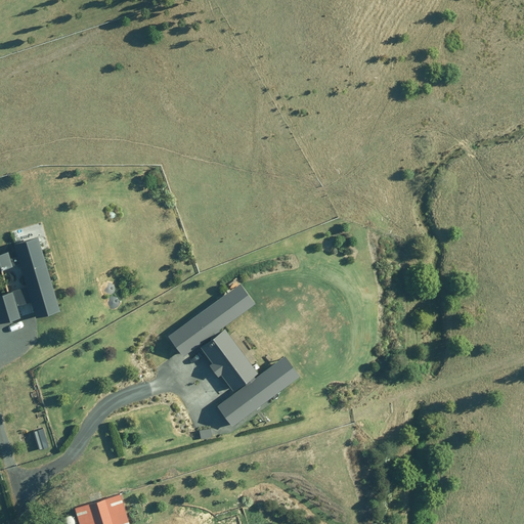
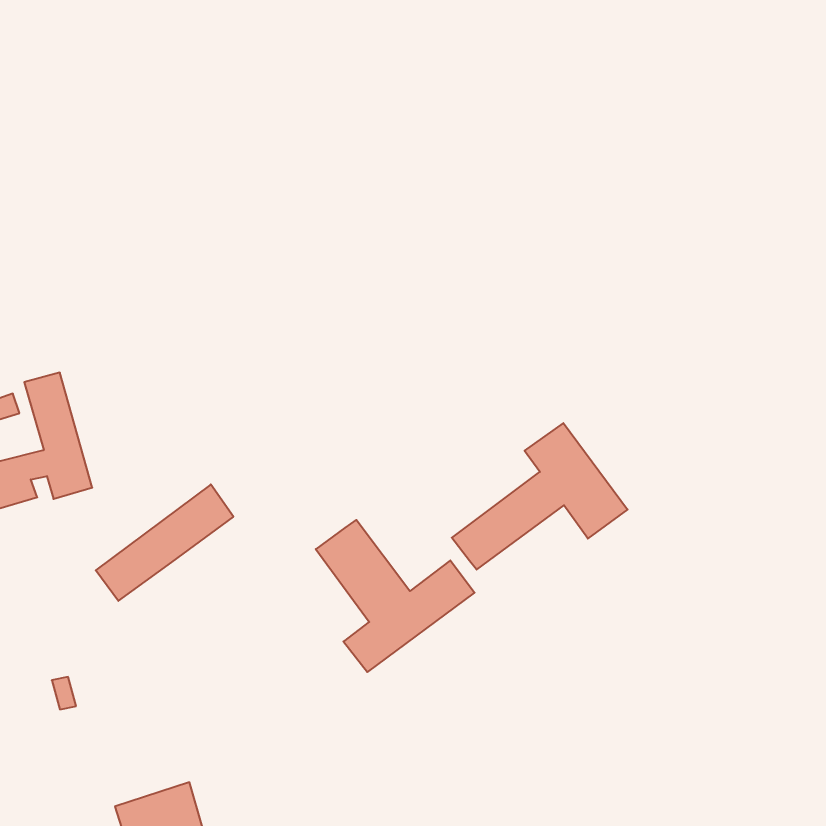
building: none -> [452,423,628,570]
building: [168,282,255,356] -> [96,484,233,601]

